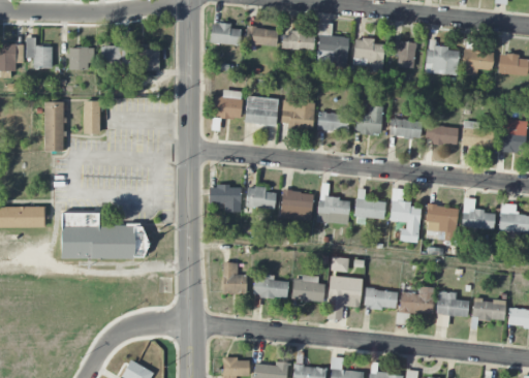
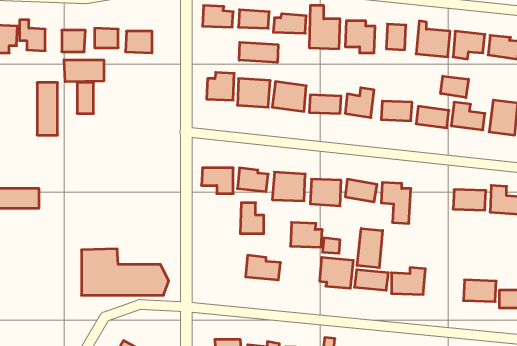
building: none -> [239,42,278,62]
building: none -> [64,60,104,82]
building: none -> [441,76,468,98]
building: [425,204,459,234] -> none
building: [63,211,151,257] -> [81,249,169,295]
building: none -> [357,228,383,268]
building: [222,262,246,293] -> [240,203,264,234]
building: [292,276,324,301] -> [290,222,322,247]
building: [436,291,468,316] -> none

